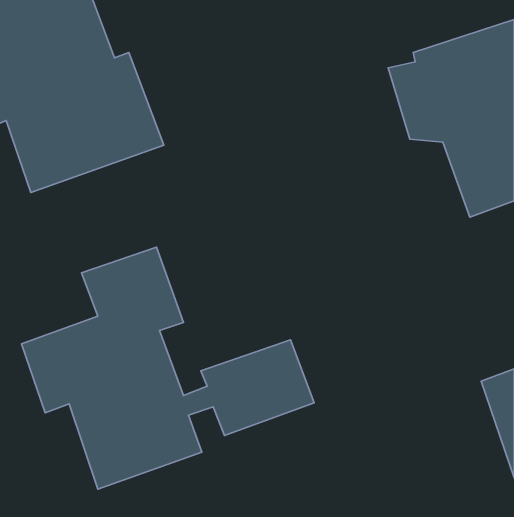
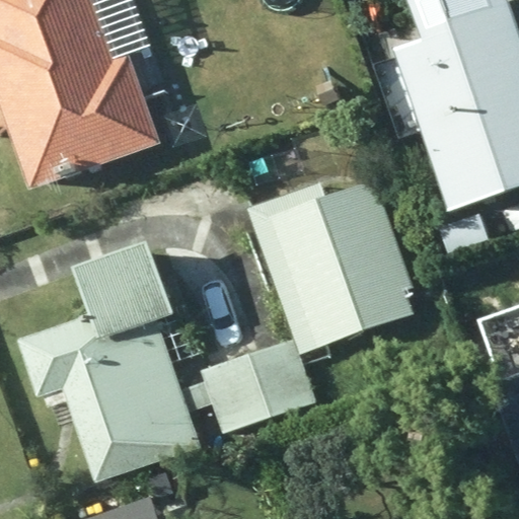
building: none -> [246,178,413,351]

